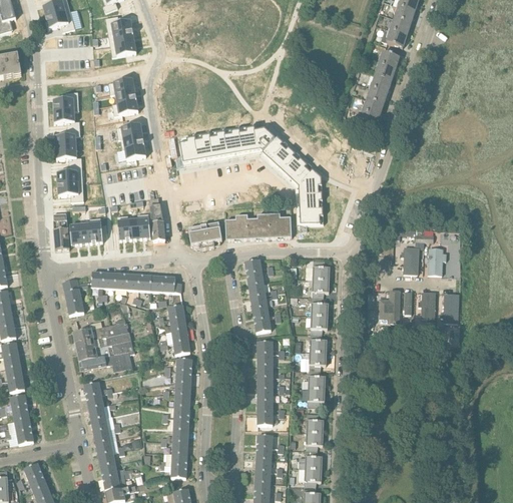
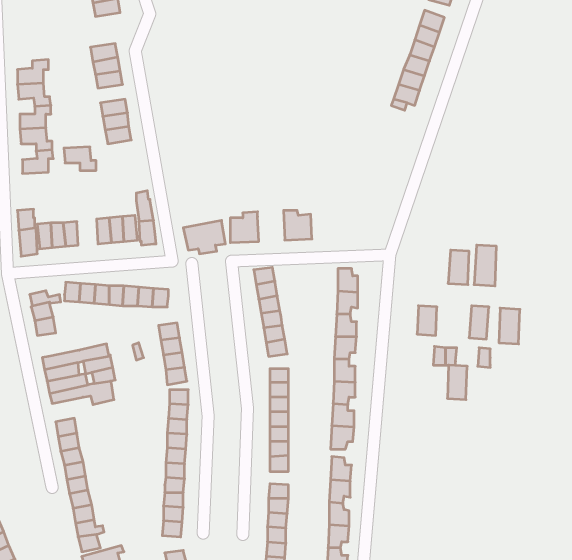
building: [178,131,319,222] -> none
building: [57,181,83,200] -> [64,147,96,170]
building: [247,212,270,237] -> none
building: [398,290,414,318] -> [447,365,467,400]

